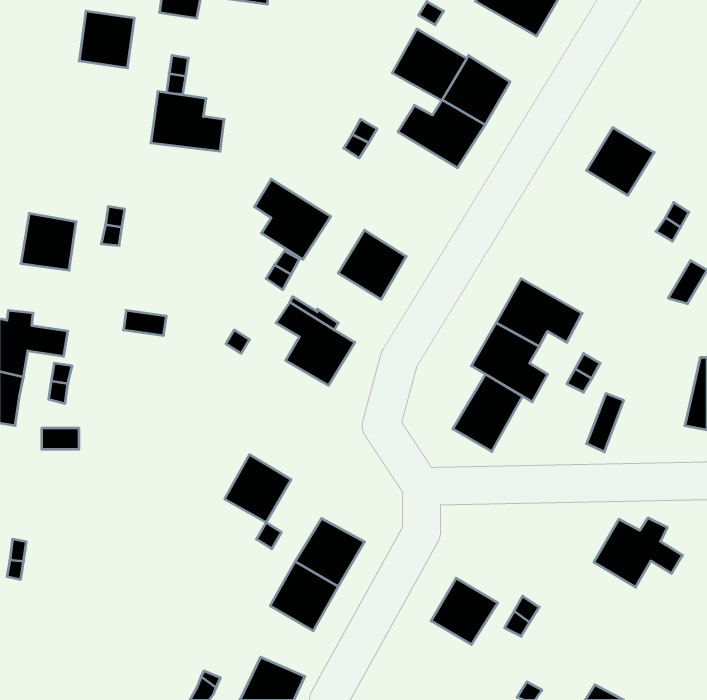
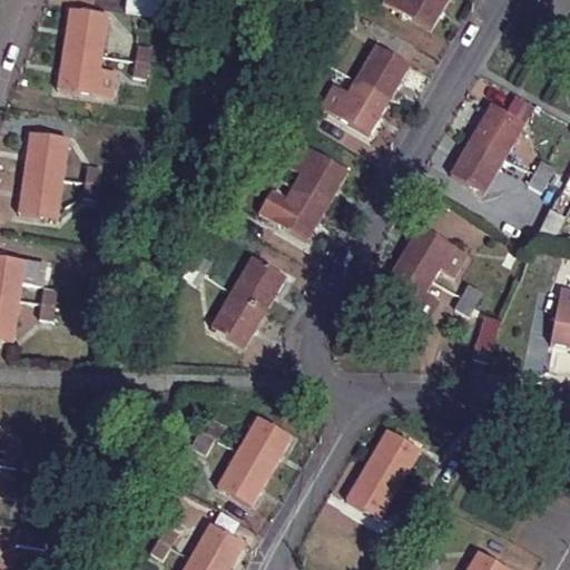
building: [392,29,467,101] -> none
building: [151,92,224,151] -> [58,49,117,97]
building: none -> [23,131,68,178]
building: none -> [450,137,504,191]
building: [254,179,331,259] -> [287,141,348,206]
building: [453,374,523,452] -> none
building: [225,455,291,523] -> [210,289,264,344]
building: [594,518,683,587] -> [366,429,438,484]

